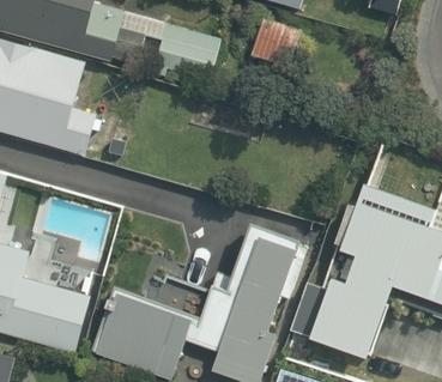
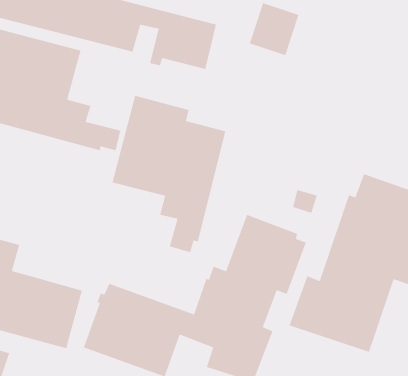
building: none -> [111,95,226,253]

